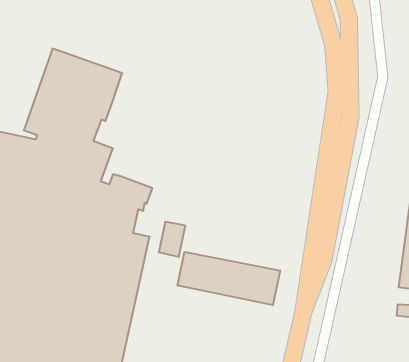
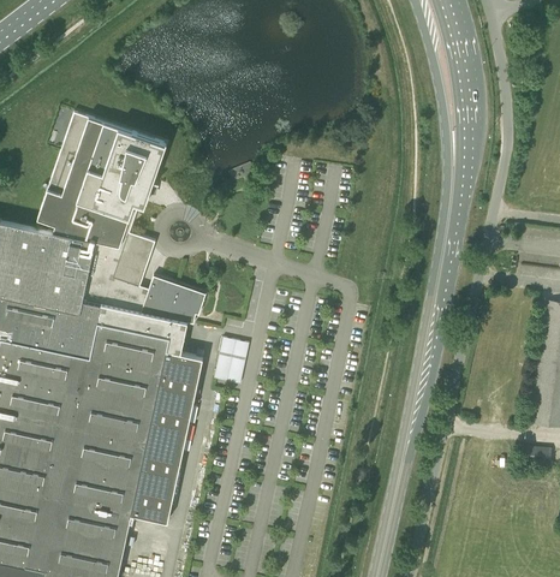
building: [177,252,280,305] -> none

